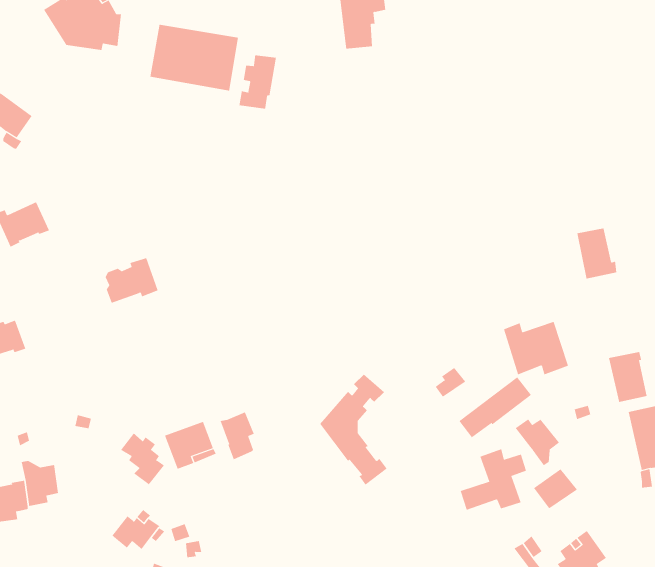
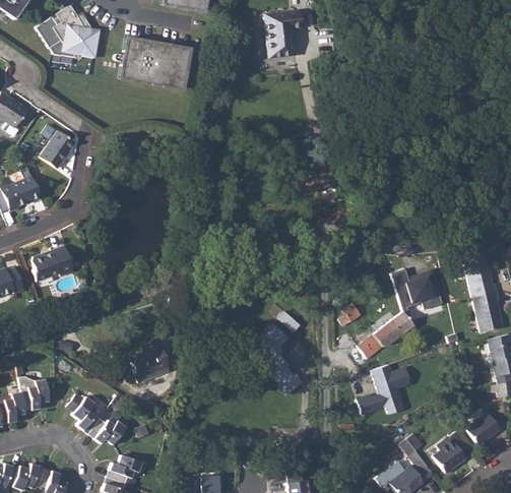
building: [239,54,277,110] -> none
building: none -> [40,130,75,168]
building: [577,228,617,279] -> [465,256,497,296]
building: [105,258,159,304] -> [31,245,73,281]
building: [220,411,255,460] -> none
building: [515,418,560,466] -> none
building: [120,433,165,485] -> [66,392,101,433]
building: [533,468,578,509] -> [465,413,500,444]

